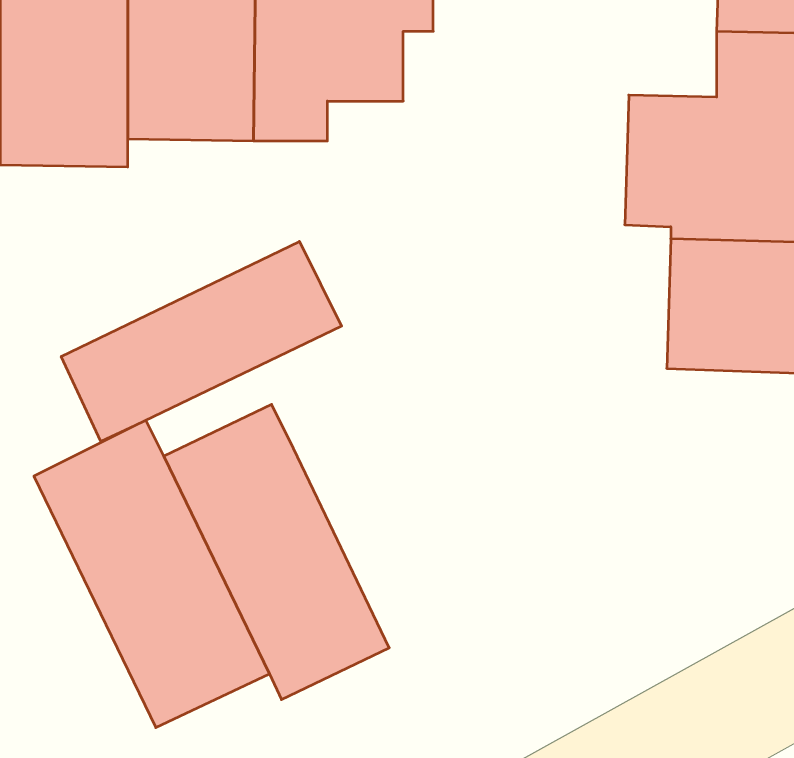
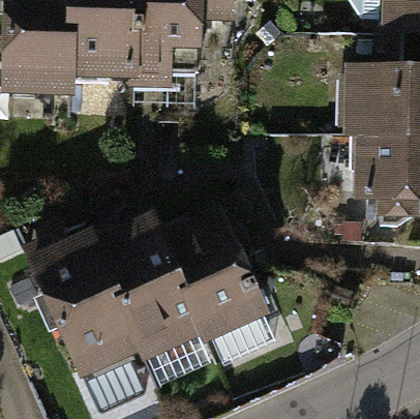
building: [61,241,342,442] -> none
building: none -> [157,208,274,349]

